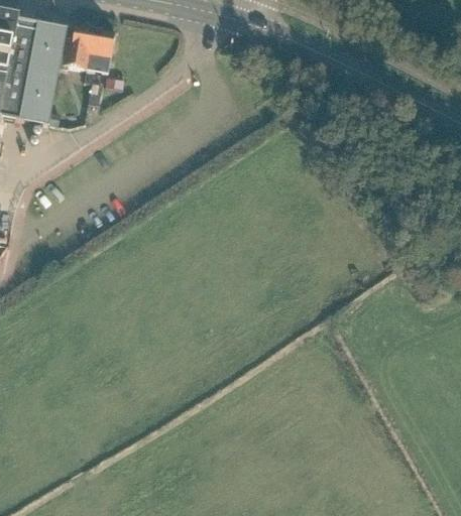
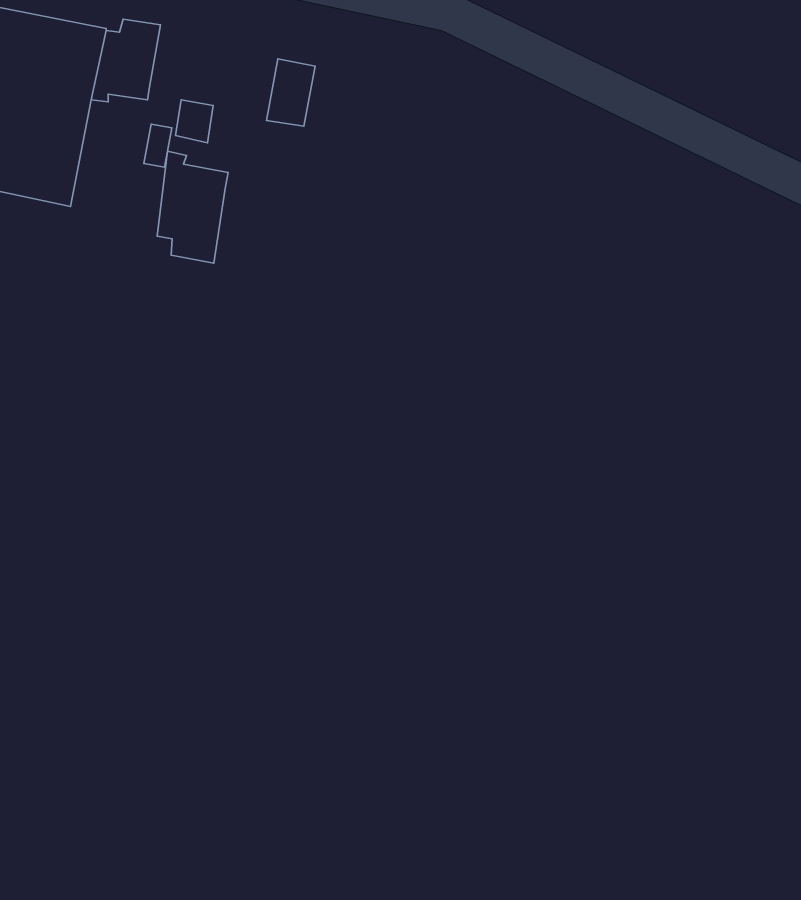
building: [89,25,115,61] -> [266,59,315,126]
building: none -> [157,151,228,263]

